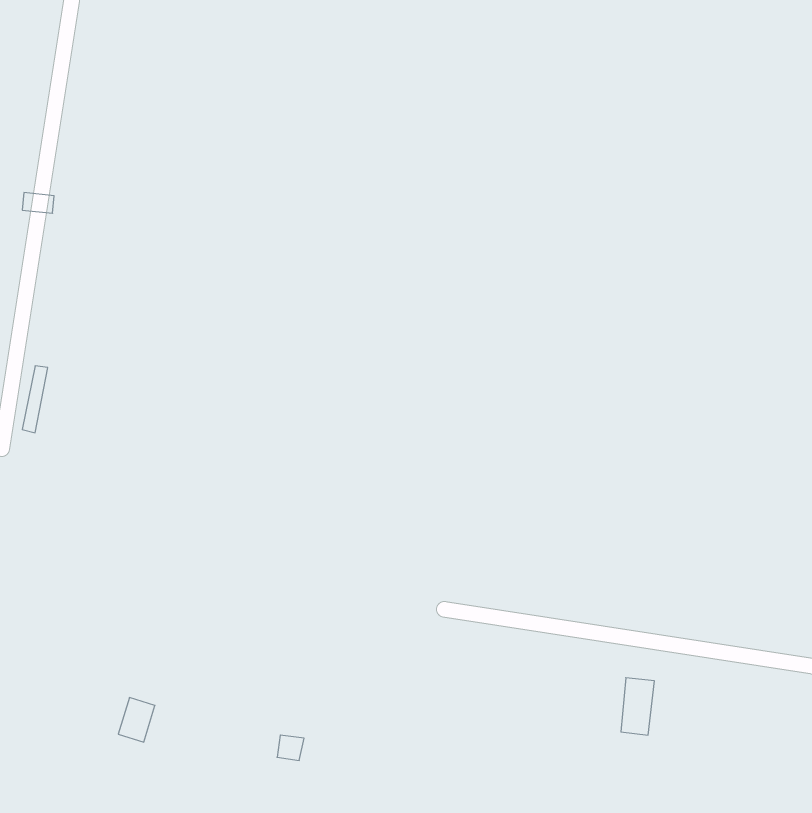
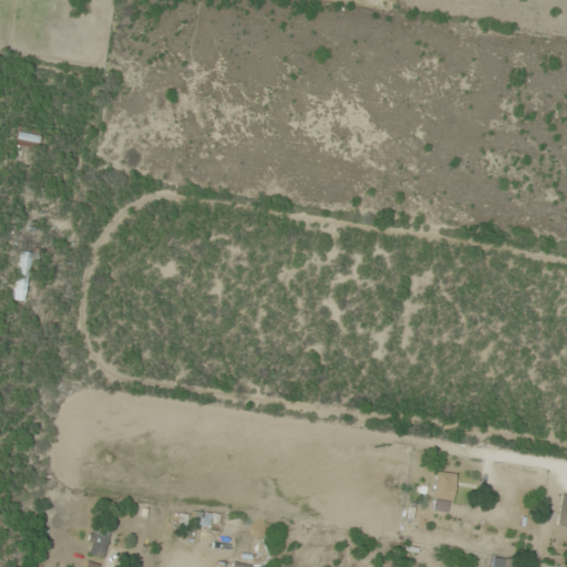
building: [118,698,155,742] -> [86,527,112,558]

